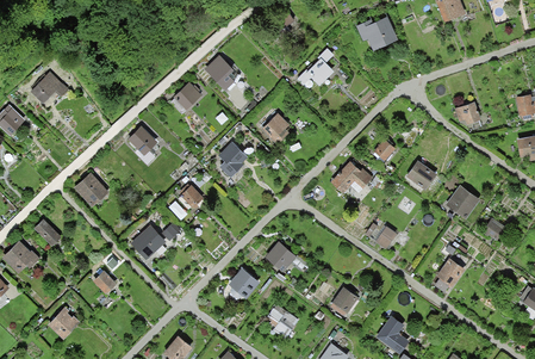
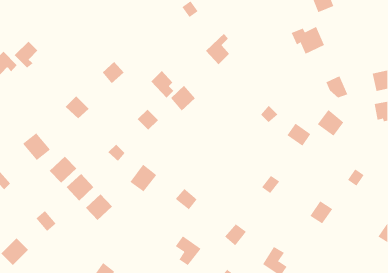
building: [355,17,398,52] -> [291,26,325,55]
building: [205,56,235,92] -> [151,70,174,99]
building: none -> [14,41,38,69]
building: [330,162,374,194] -> none
building: [444,185,479,219] -> [317,109,344,137]
building: none -> [49,156,77,184]
building: none -> [85,193,113,221]
building: [224,268,259,304] -> [130,164,157,192]

